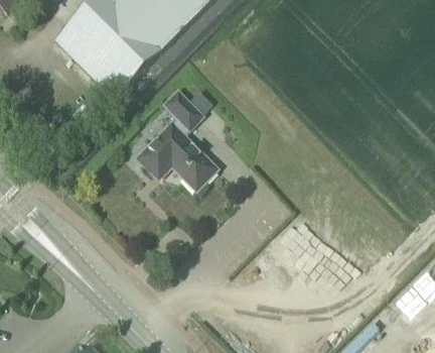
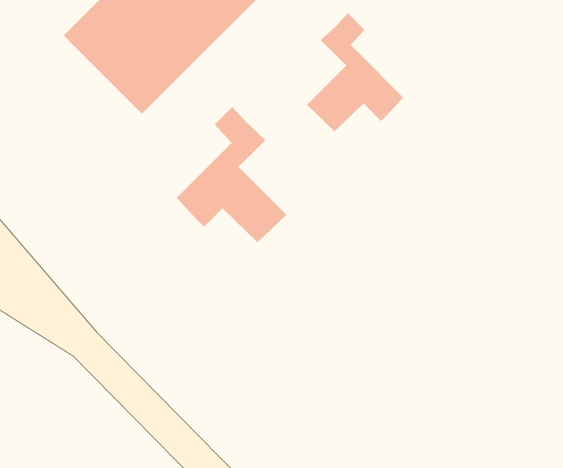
building: none -> [306,12,404,132]

